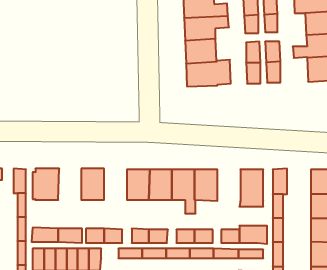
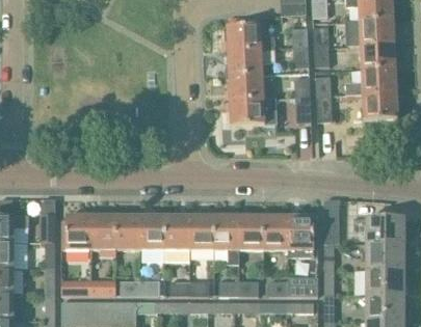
building: none -> [89,215,114,256]
building: none -> [139,215,164,249]
building: none -> [263,216,288,250]

